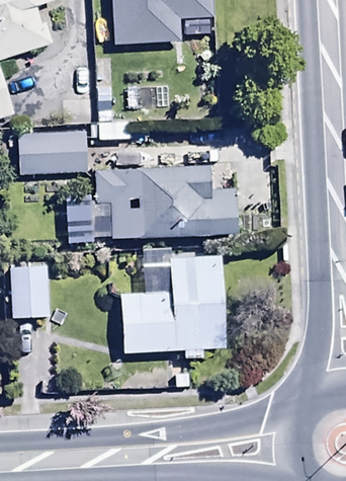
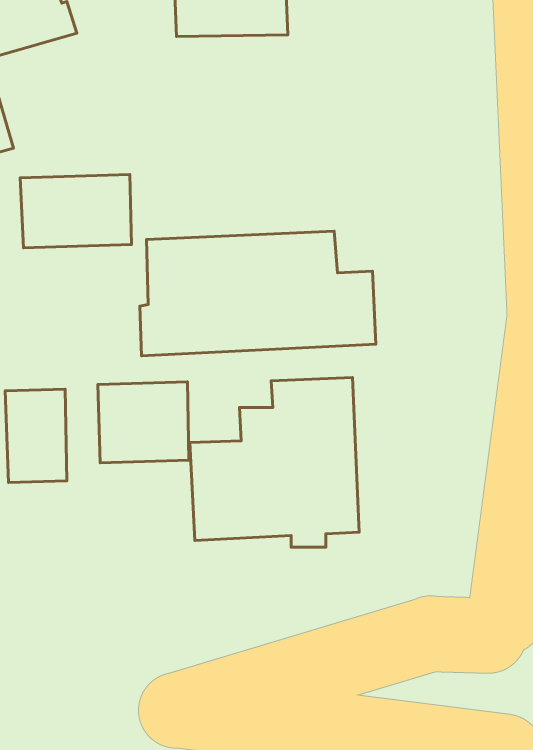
building: none -> [98,382,189,463]

